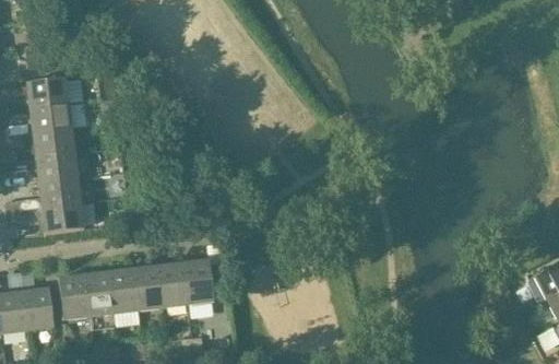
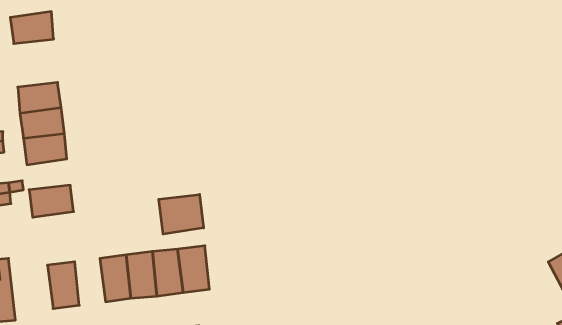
building: [27,77,69,107] -> [10,12,54,44]
building: [39,176,81,206] -> none
building: none -> [159,194,204,234]
building: [22,270,55,330] -> none
building: [85,271,115,316] -> none

